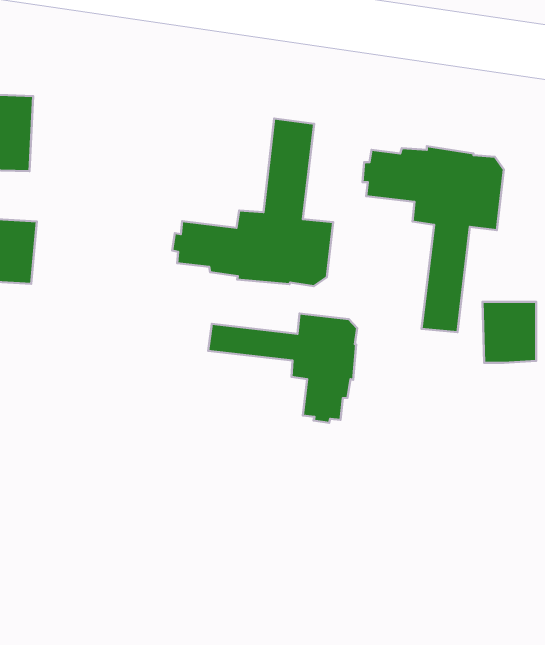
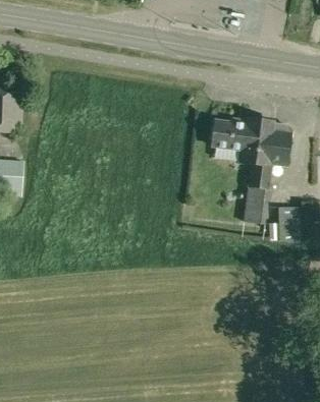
building: [172,119,333,286] -> none
building: [208,313,357,423] -> none

